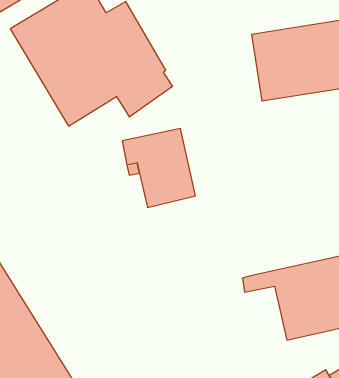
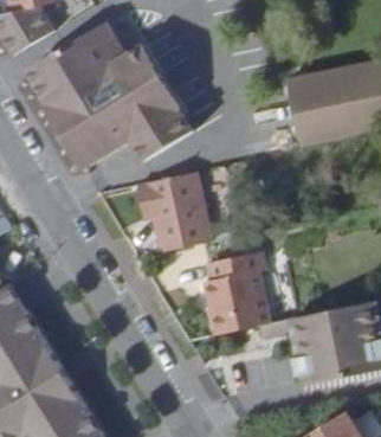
building: none -> [212,252,276,334]

